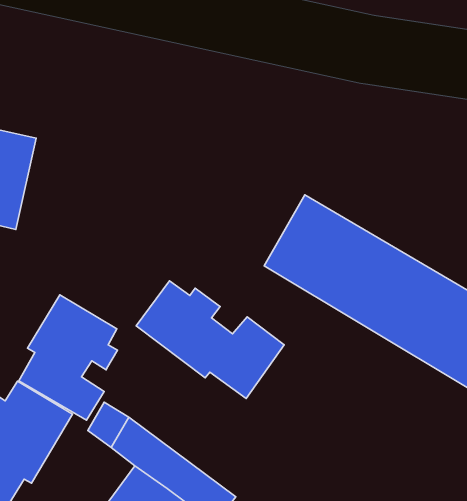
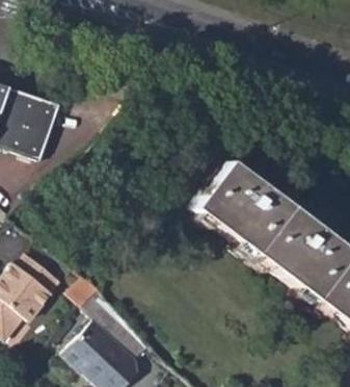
building: [136,281,284,399] -> none
building: [19,295,118,420] -> none

